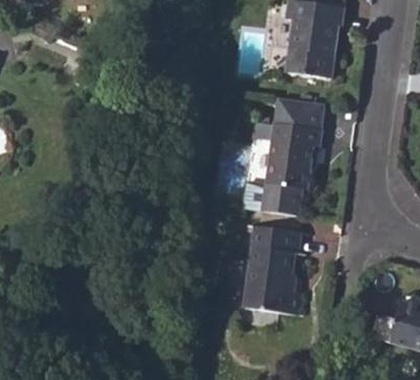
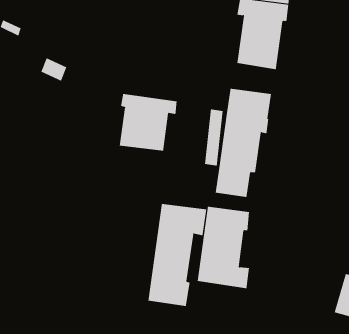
building: none -> [119,93,177,151]
building: none -> [148,203,207,307]

